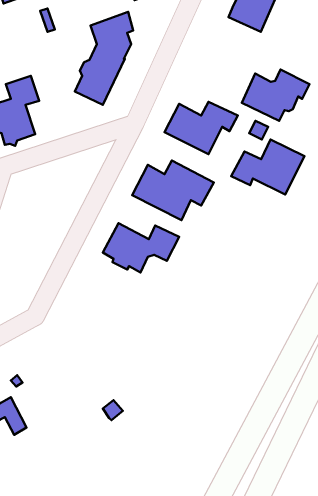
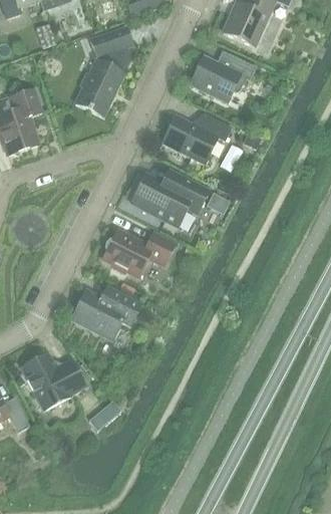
building: [242,69,310,121] -> [191,51,256,100]
building: [231,140,304,195] -> none
building: none -> [71,284,141,338]
building: none -> [21,352,85,410]

